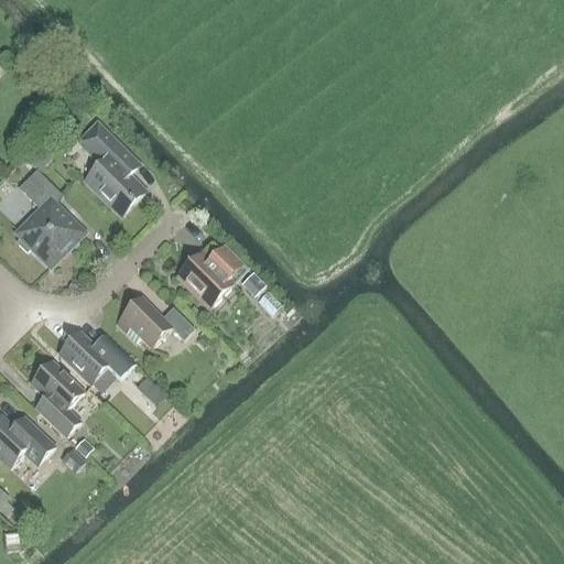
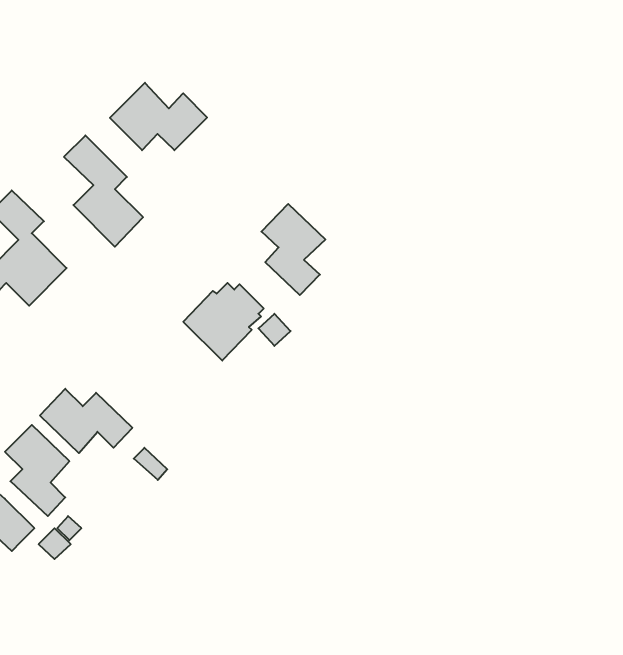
building: none -> [110,83,207,150]
building: none -> [261,204,325,295]
building: [116,295,194,346] -> none

